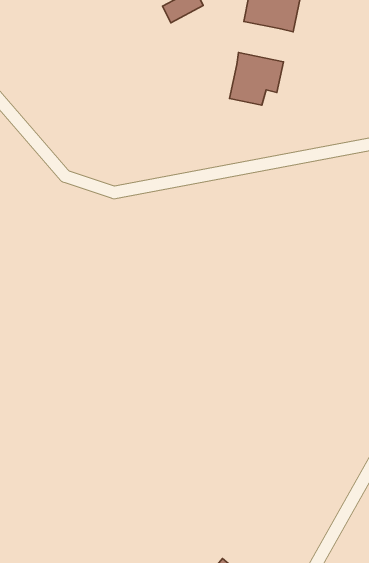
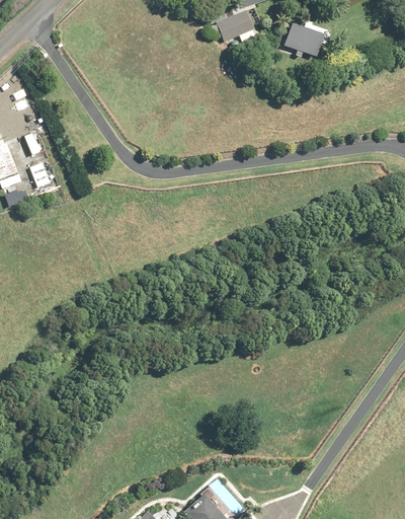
building: [229,53,284,105] -> none

